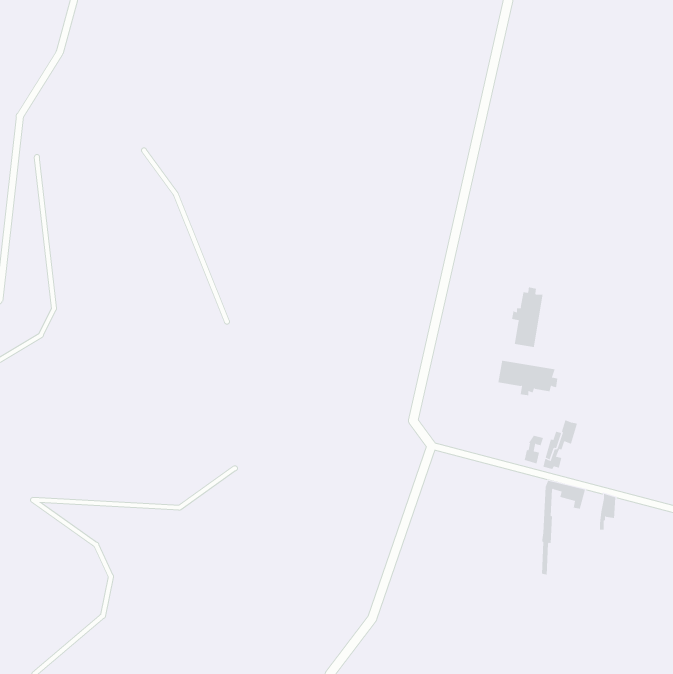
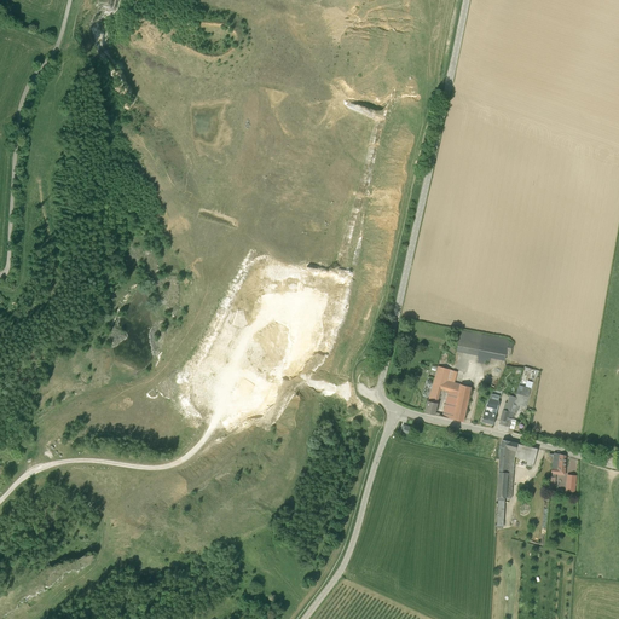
building: [511,287,543,348] -> none
building: none -> [424,366,470,422]

